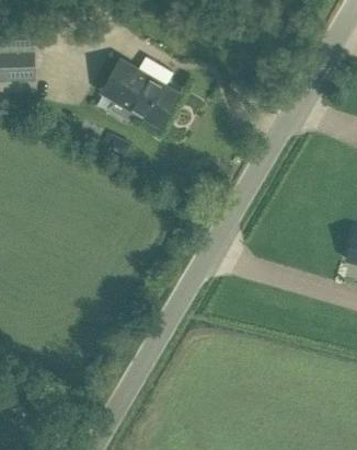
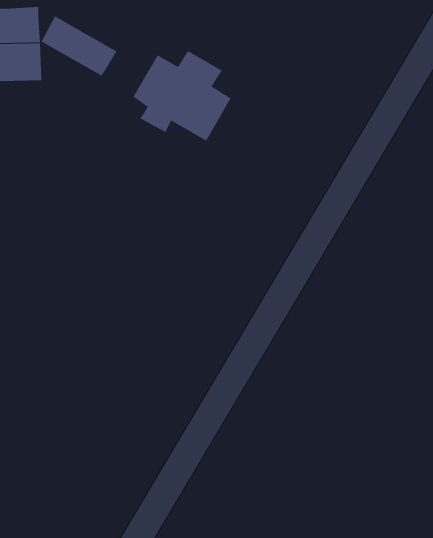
building: none -> [41,15,117,77]

